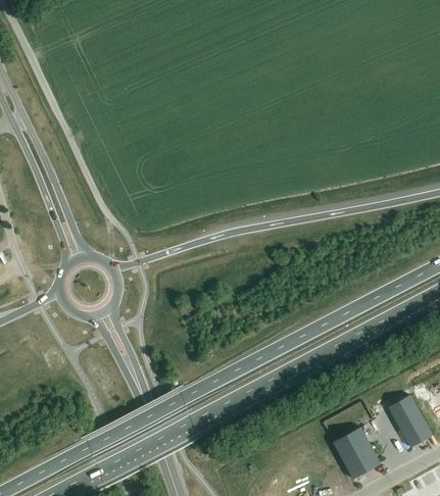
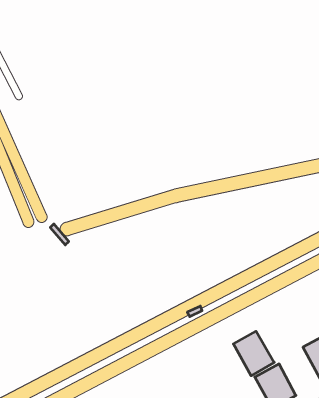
building: none -> [233,331,274,376]

